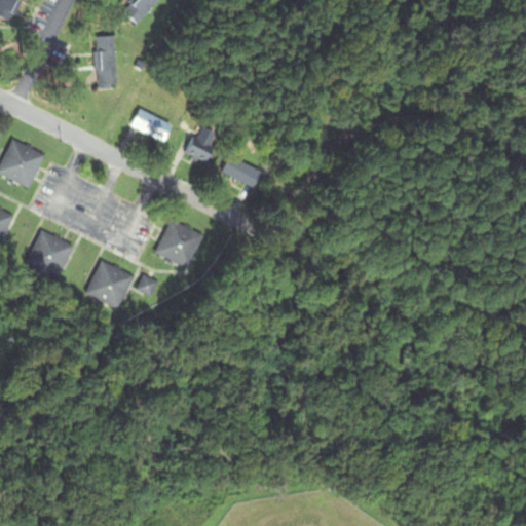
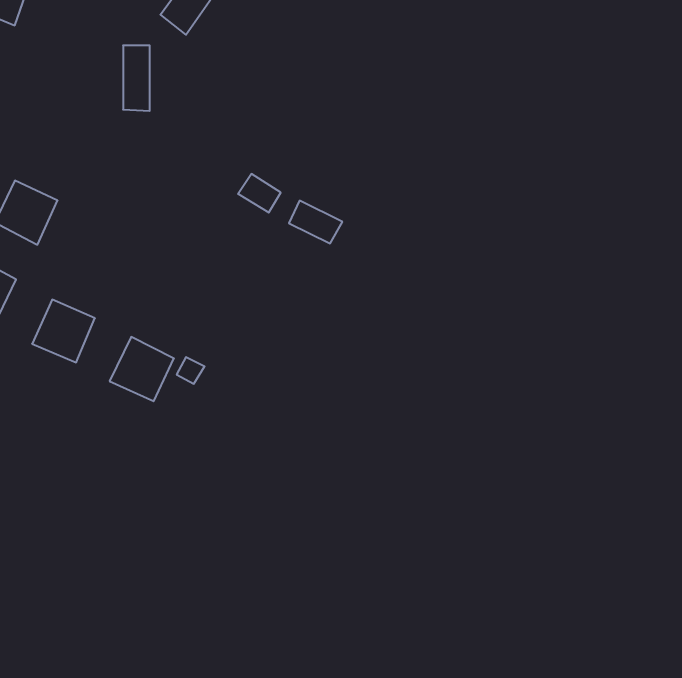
building: [132,108,173,142] -> none
building: [154,219,202,267] -> none

